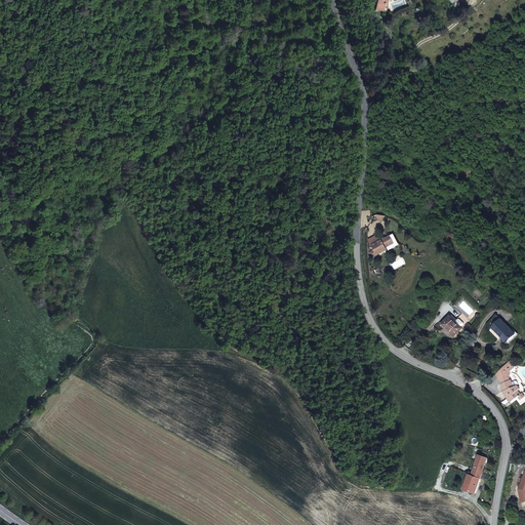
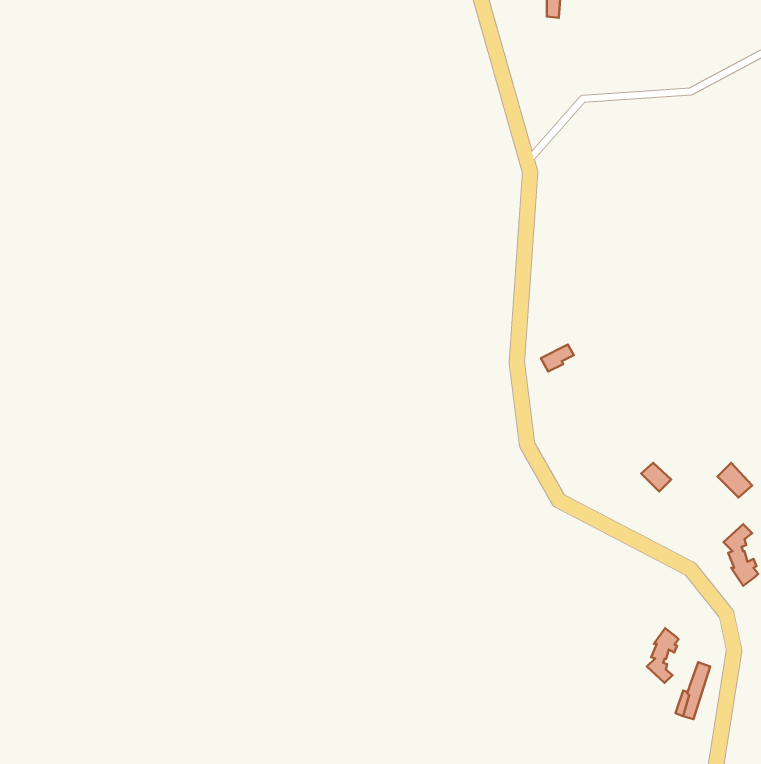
building: none -> [647,628,679,683]

